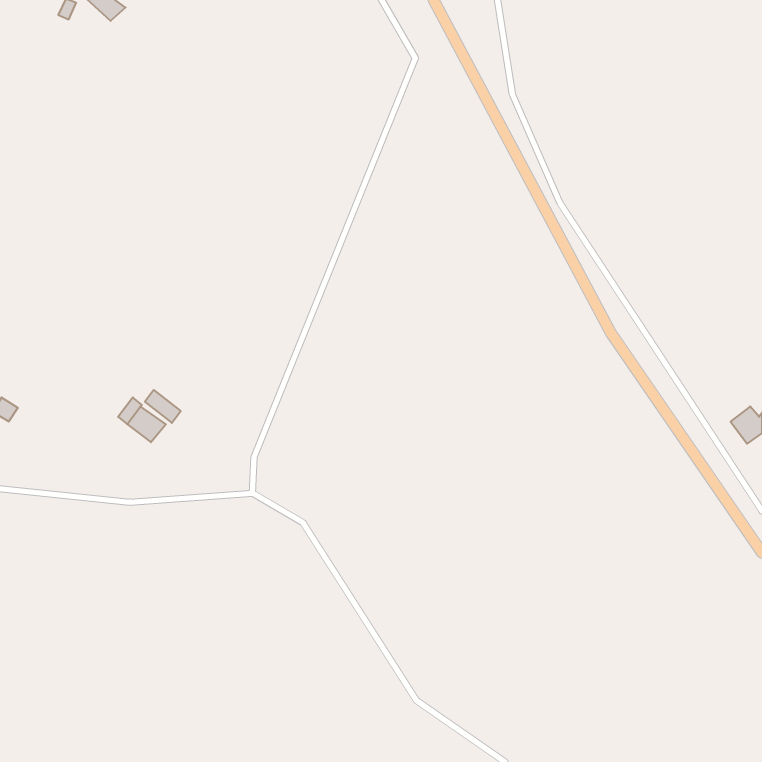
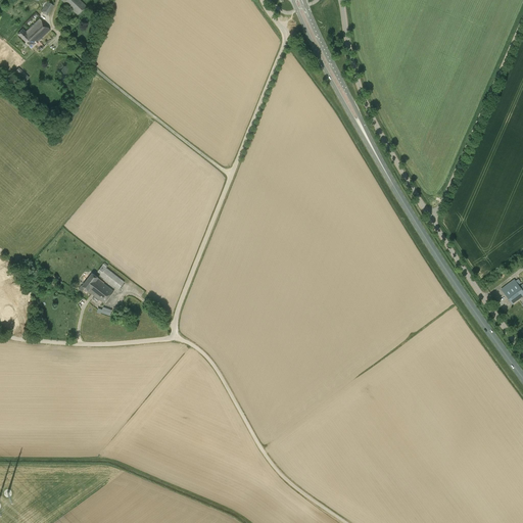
building: none -> [16,17,49,46]

